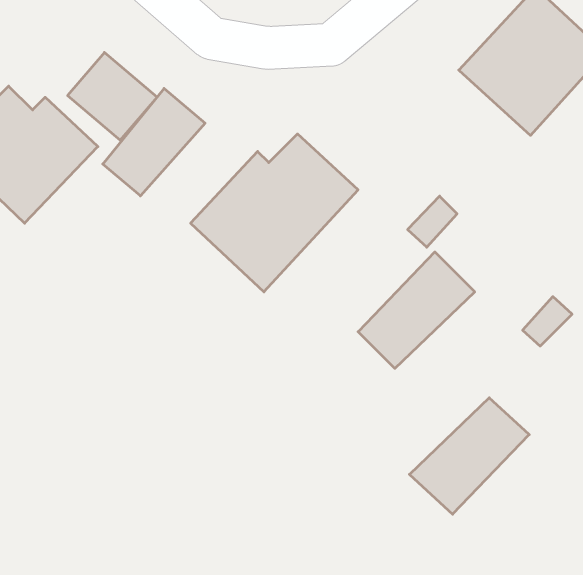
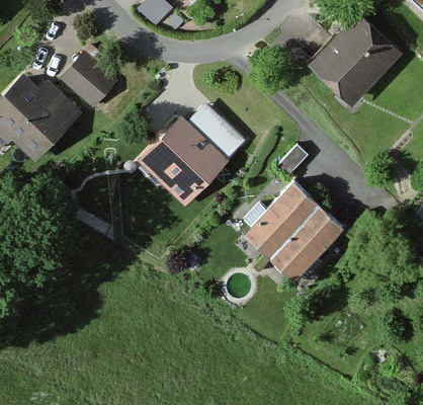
building: [103,88,205,196] -> none
building: [409,398,529,514] -> [268,205,344,278]

